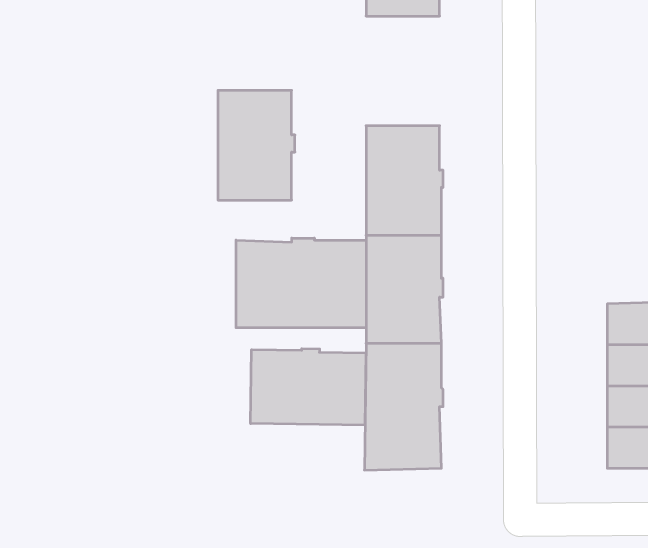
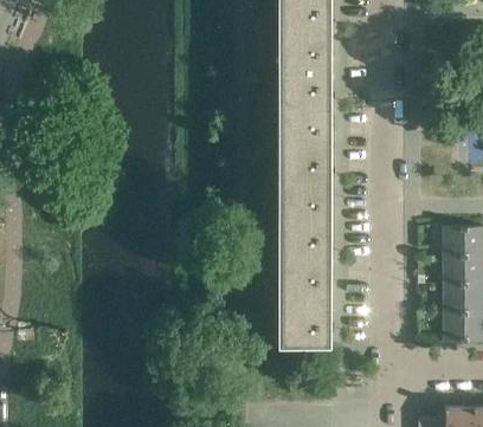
building: [218,90,295,200] -> [278,28,331,104]
building: [236,238,366,328] -> none
building: [251,349,366,425] -> none

